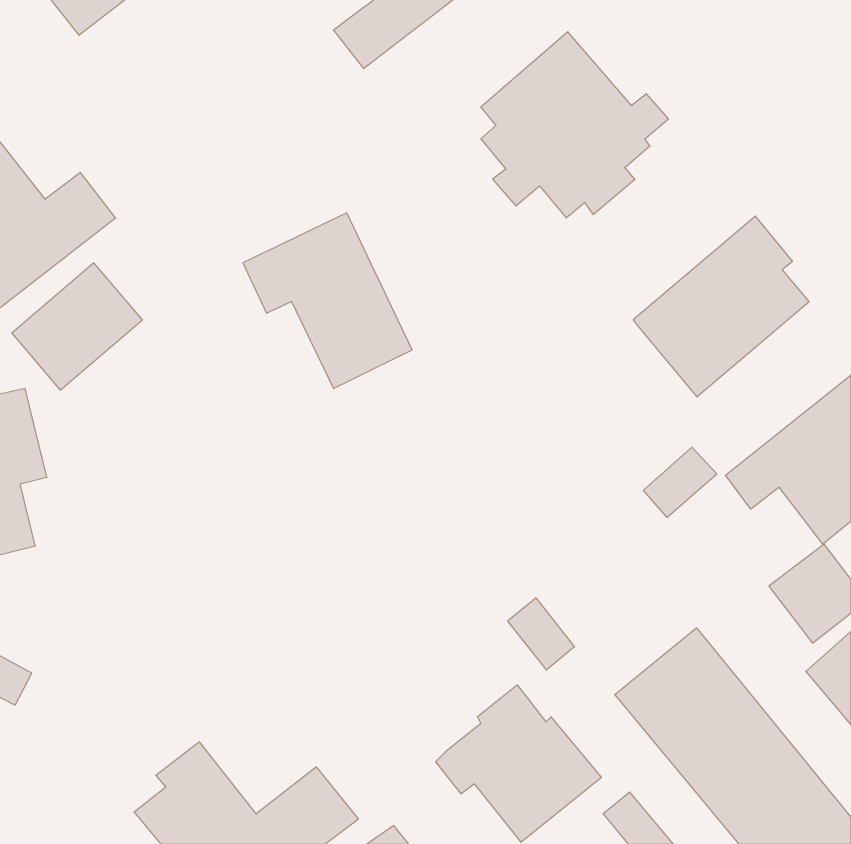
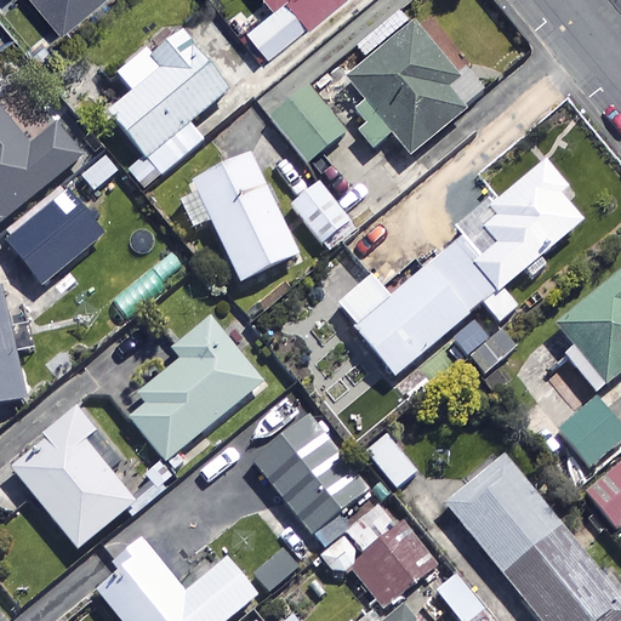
building: none -> [110,30,229,187]
building: none -> [273,84,348,160]
building: none -> [290,180,352,245]
building: none -> [355,237,518,375]
building: none -> [123,313,262,457]
building: none -> [12,409,133,546]
building: none -> [251,410,370,545]

